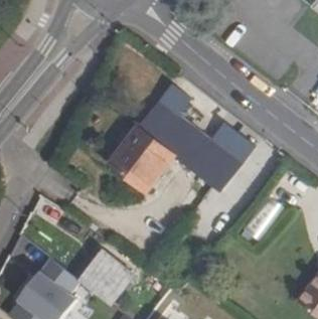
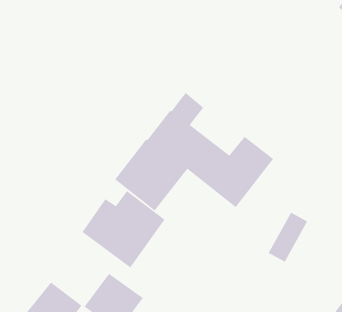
building: none -> [82,190,166,268]

